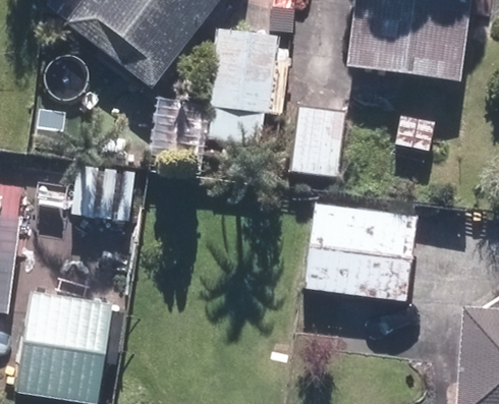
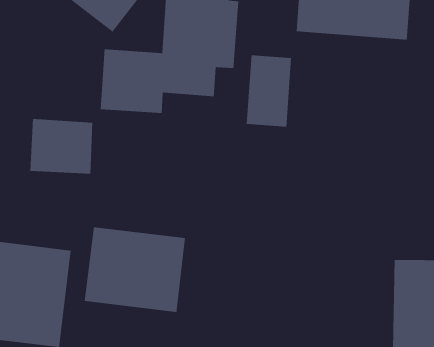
building: [298,195,423,301] -> none
building: none -> [84,227,185,313]

